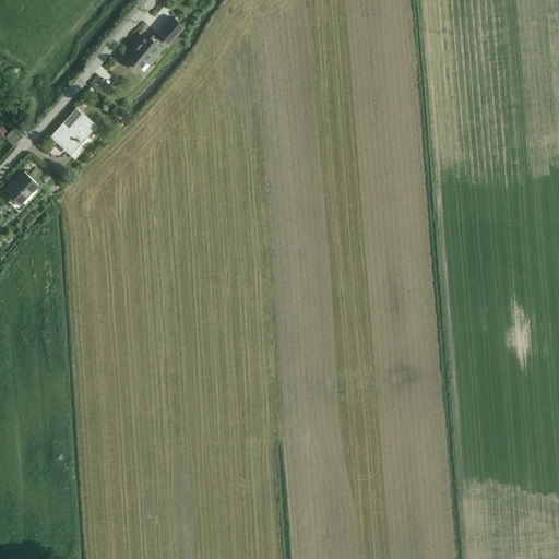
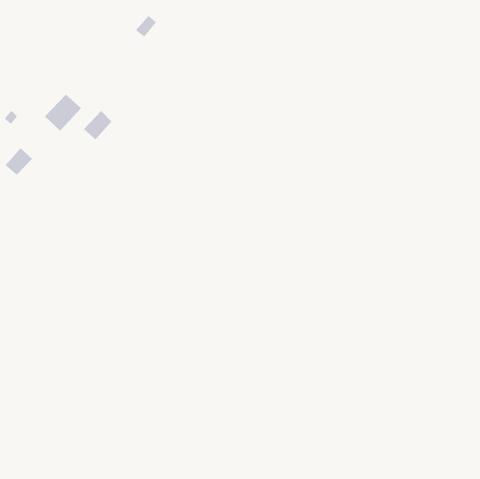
building: [124,36,159,70] -> none
building: none -> [83,110,112,140]

